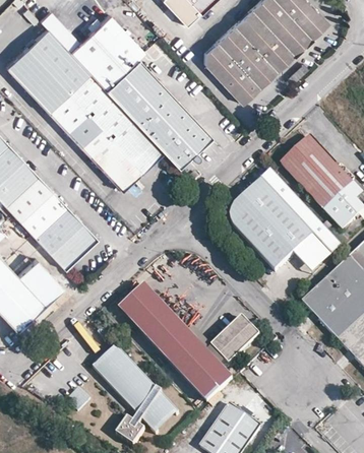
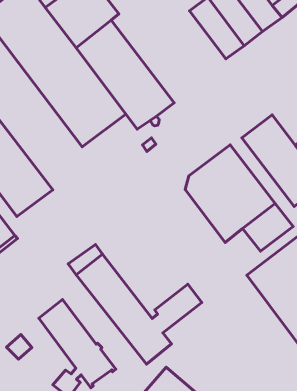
building: [203,41,257,102] -> none

